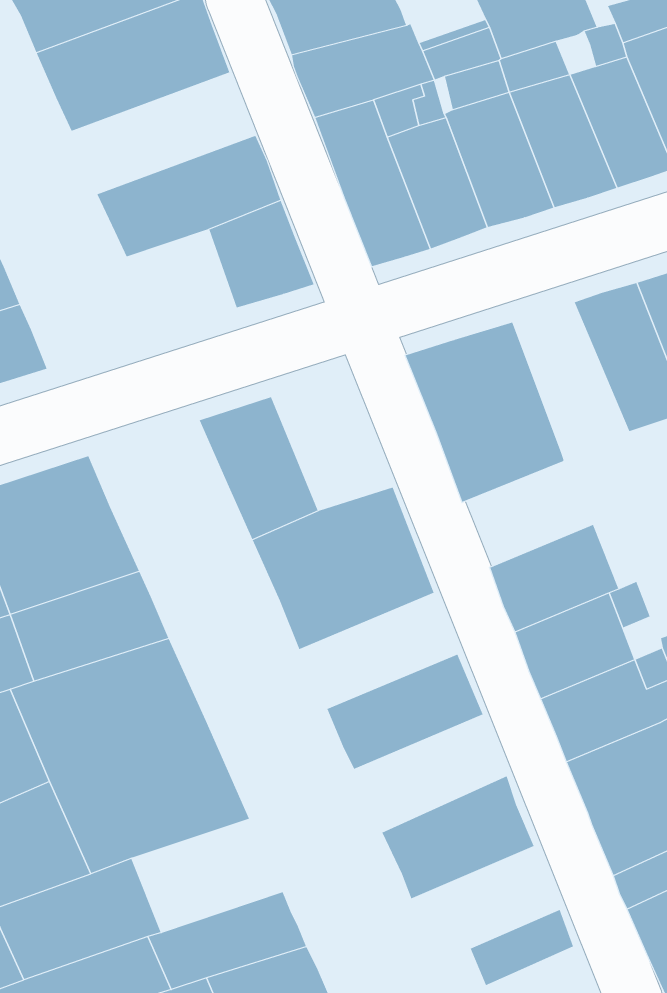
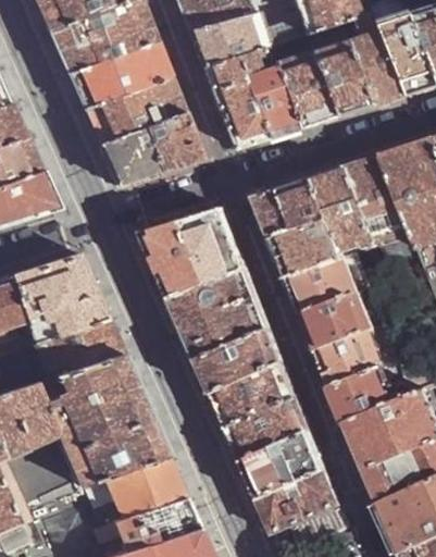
building: none -> [68,40,171,108]
building: none -> [99,127,160,185]
building: none -> [313,168,377,251]
building: none -> [179,207,247,283]
building: none -> [285,256,358,314]
building: none -> [195,329,283,393]
building: none -> [225,396,310,461]
building: none -> [102,454,186,517]
building: none -> [257,469,339,533]

